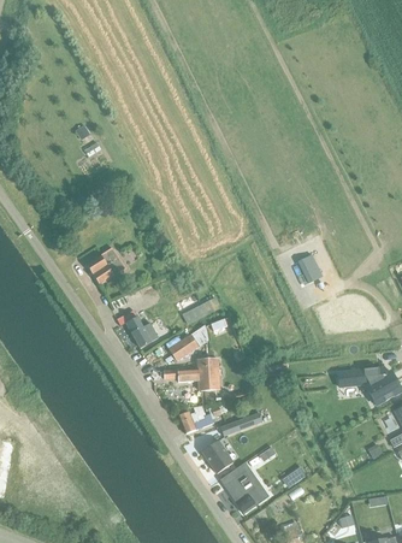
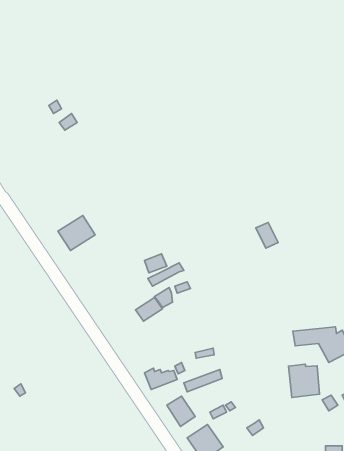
building: [125,315,159,347] -> none
building: [164,359,215,390] -> none
building: none -> [288,364,320,397]

